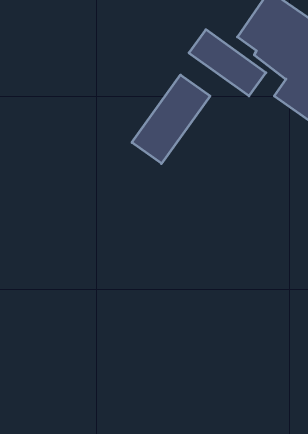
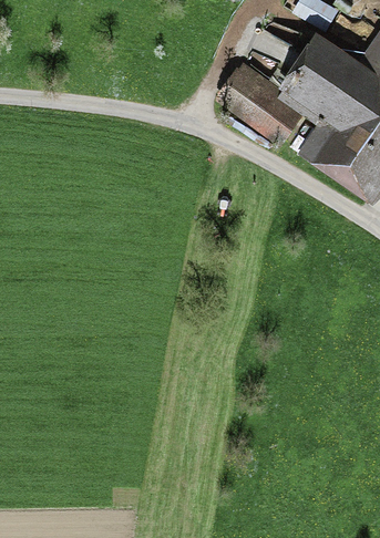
building: [132,75,210,164] -> none

